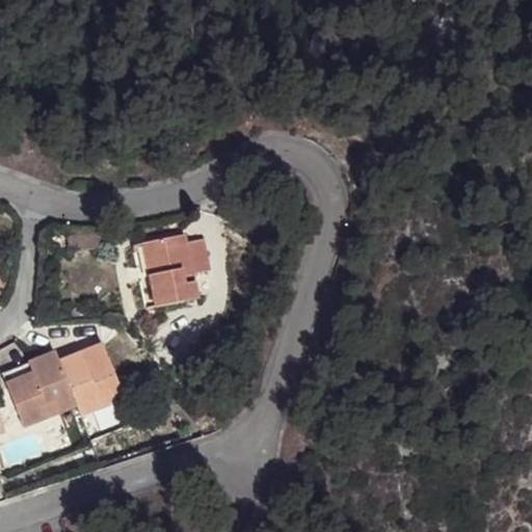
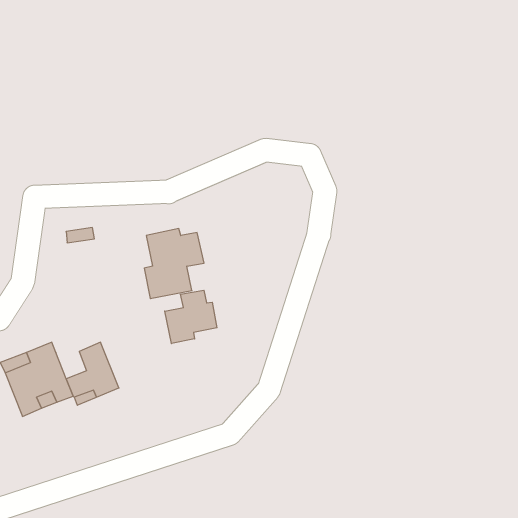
building: none -> [165,290,217,344]
building: [57,343,103,388] -> none

